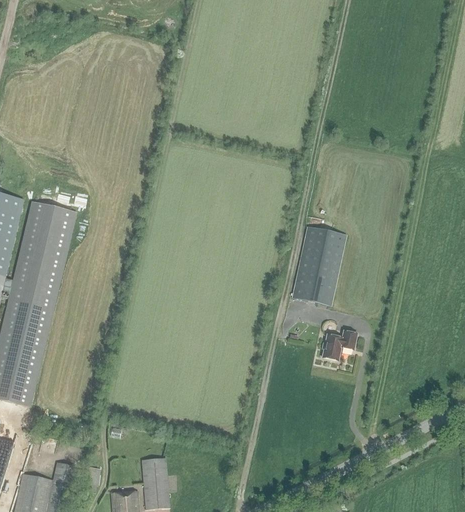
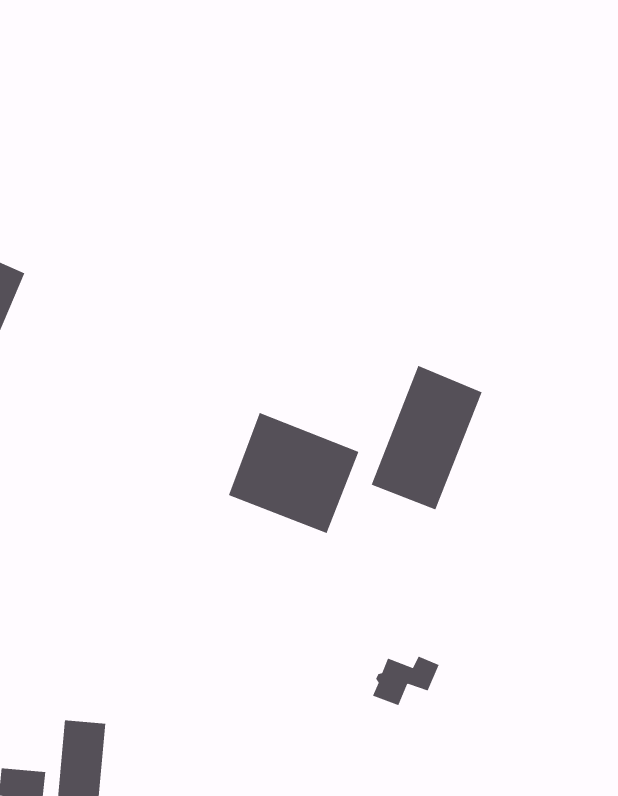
building: none -> [228,412,359,534]
building: [321,329,356,359] -> [372,656,440,706]

